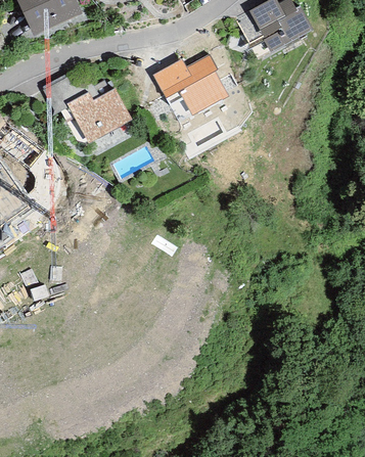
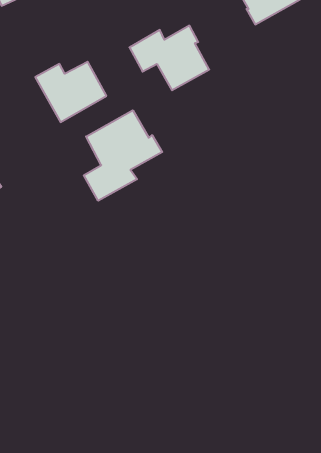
building: none -> [84,110,162,201]

